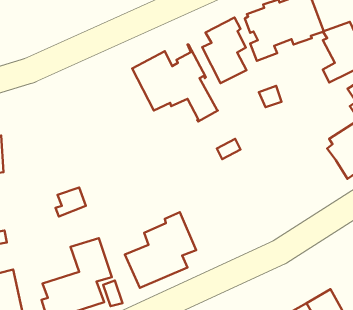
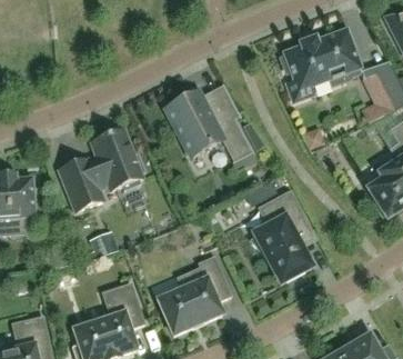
building: [202,18,247,83] -> none
building: none -> [59,129,144,210]
building: none -> [249,190,311,282]

